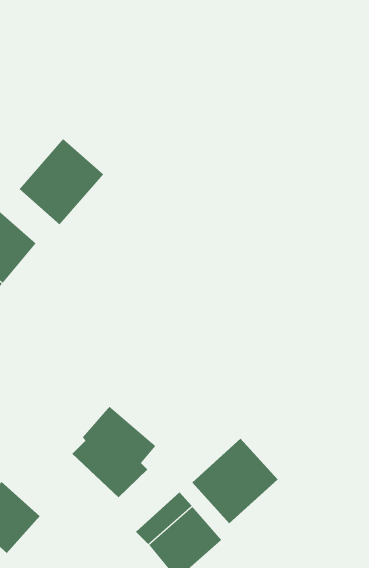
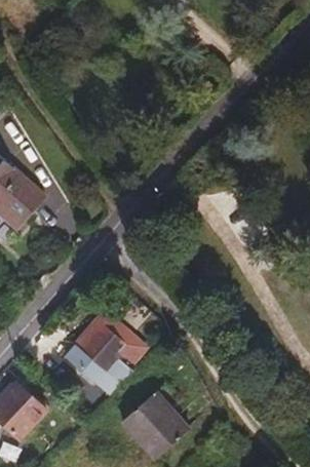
building: [19,138,104,225] -> none
building: [191,438,278,524] -> none

